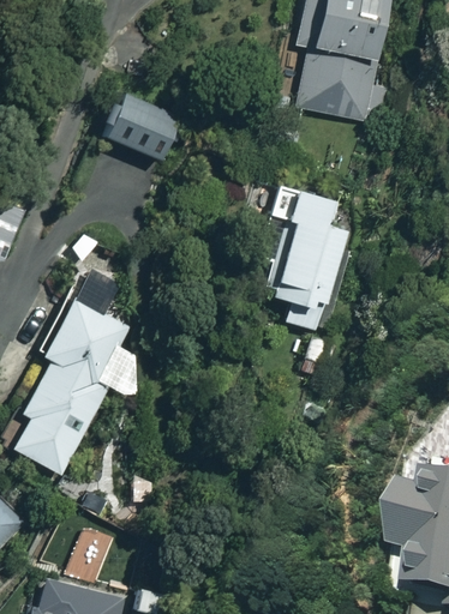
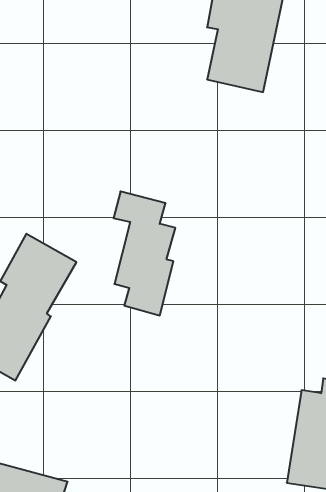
building: [102,89,175,156] -> none
building: [270,180,346,331] -> [113,191,175,315]

